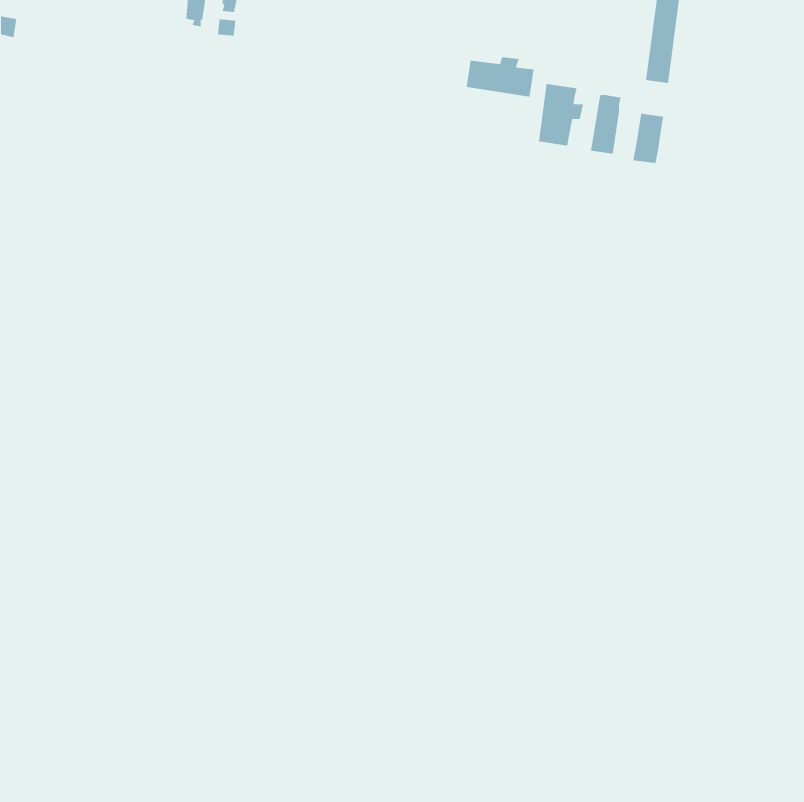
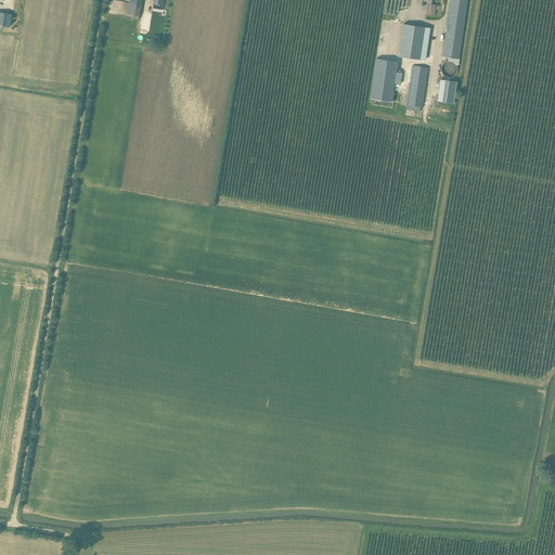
building: none -> [399,23,425,59]
building: [466,57,534,98] -> none

